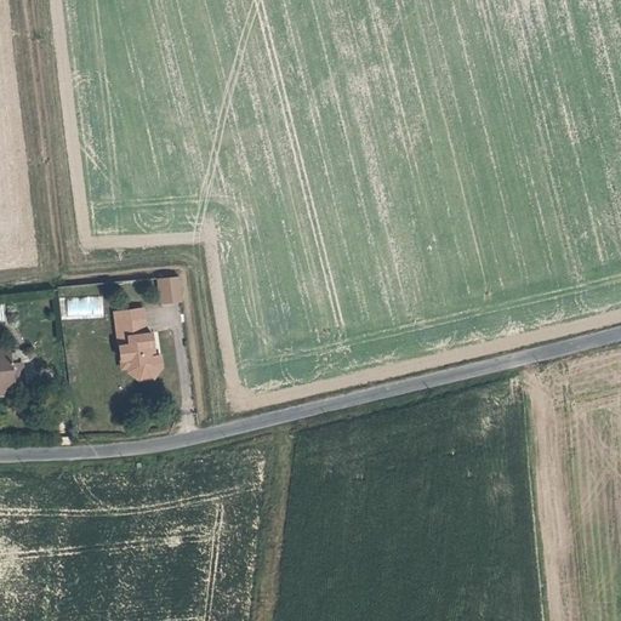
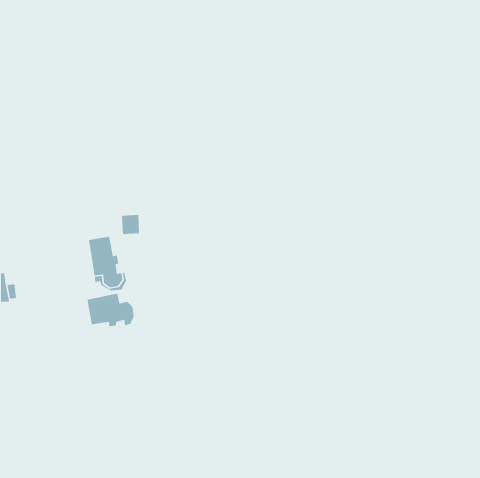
building: none -> [87,293,135,327]

